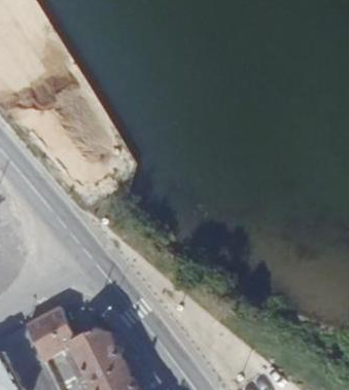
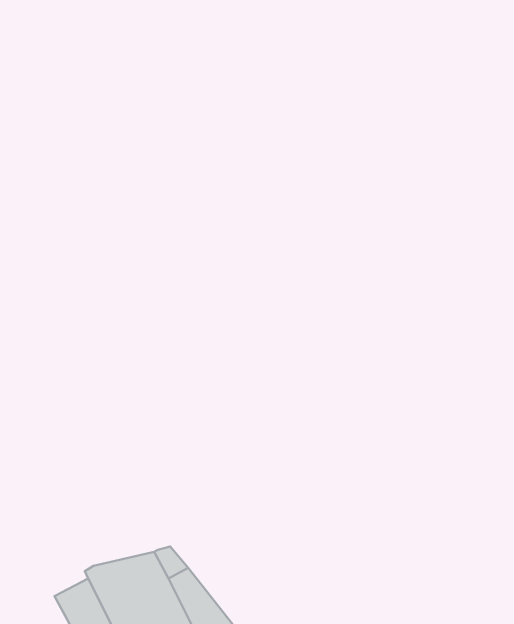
building: [24,308,72,362] -> none

